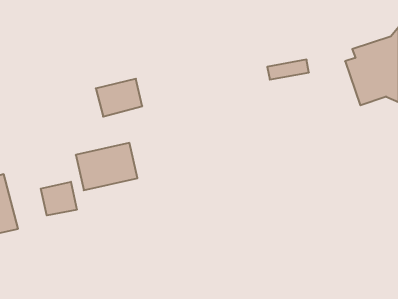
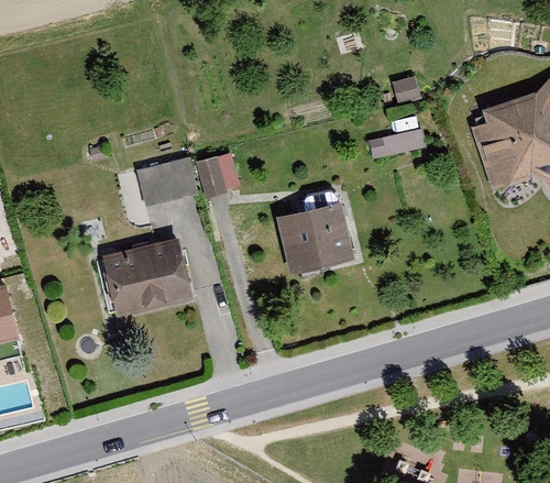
building: none -> [191,150,239,196]
building: none -> [278,208,351,274]
building: [41,182,77,215] -> none

